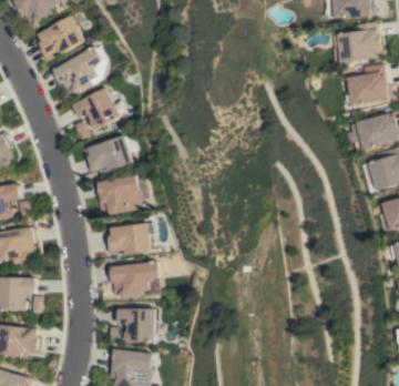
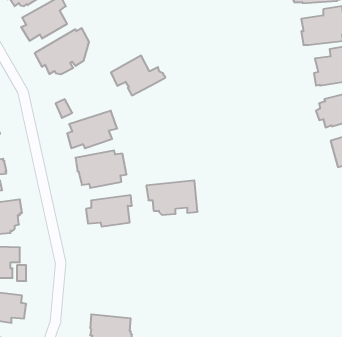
building: [72,87,130,129] -> [111,56,165,95]
building: [106,261,161,297] -> [146,180,198,215]
building: [116,308,155,341] -> none

